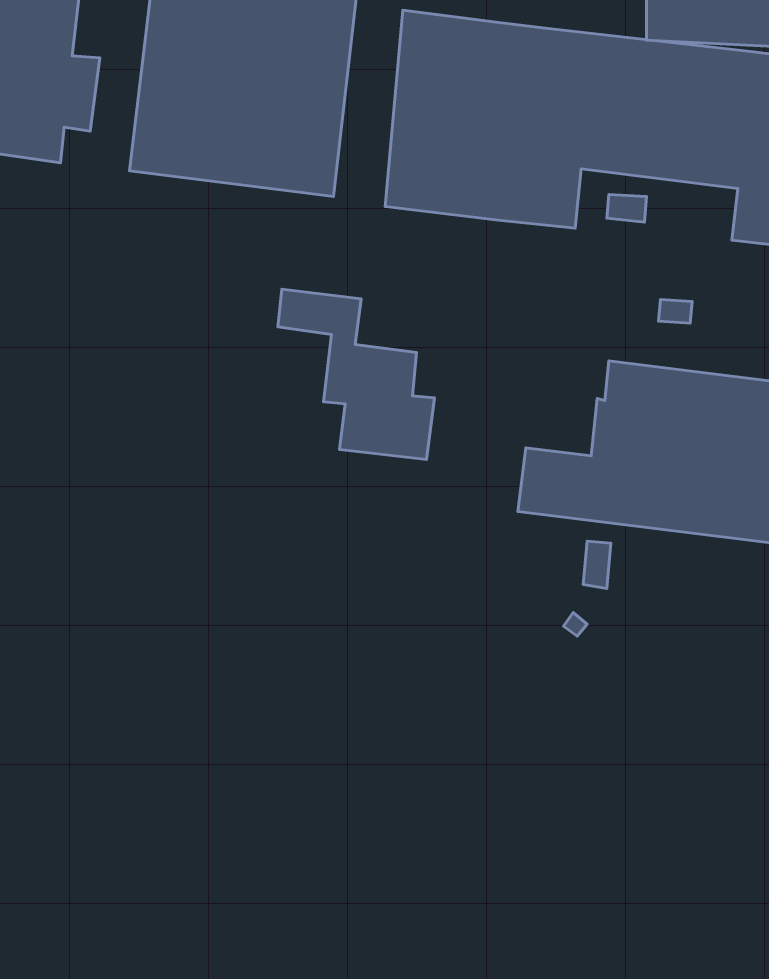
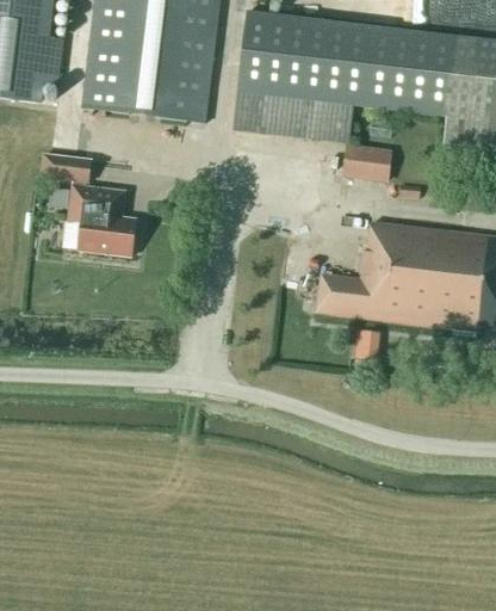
building: none -> [343,144,390,180]
building: [278,289,434,459] -> [41,152,135,254]

